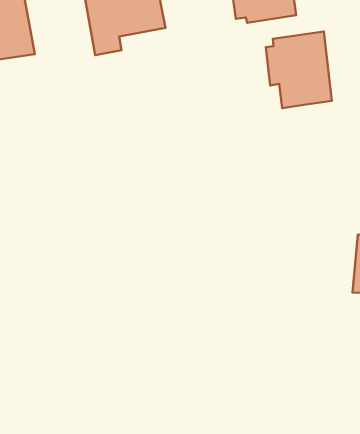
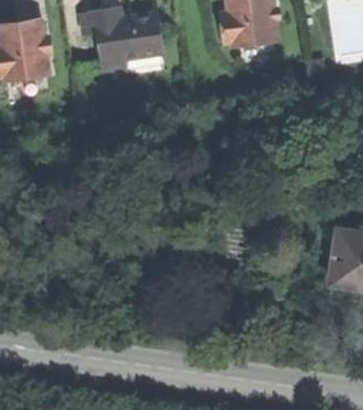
building: [266,31,332,108] -> none

